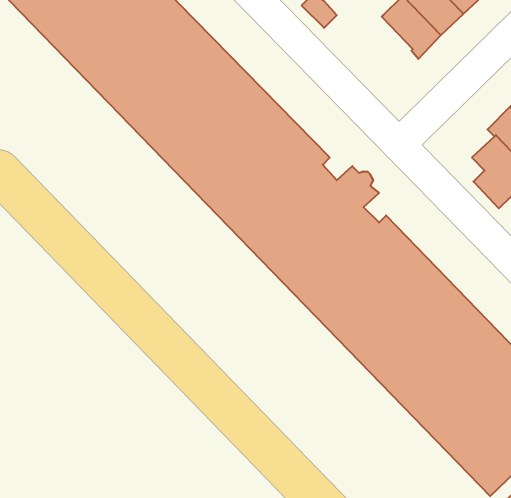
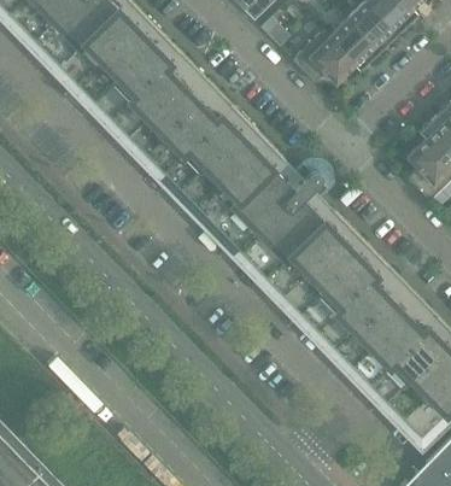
building: none -> [292,29,355,83]

